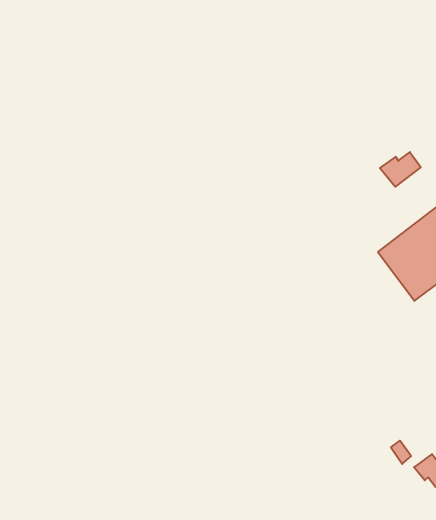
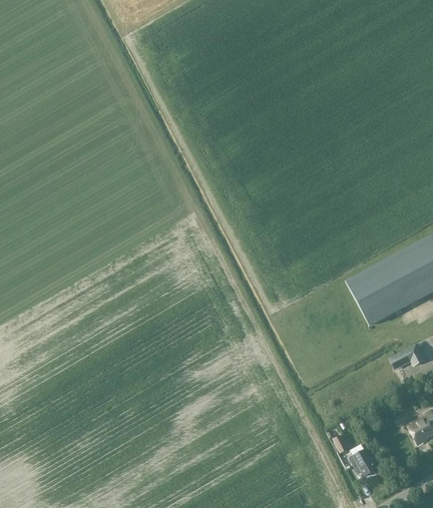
building: [380,152,421,187] -> none

